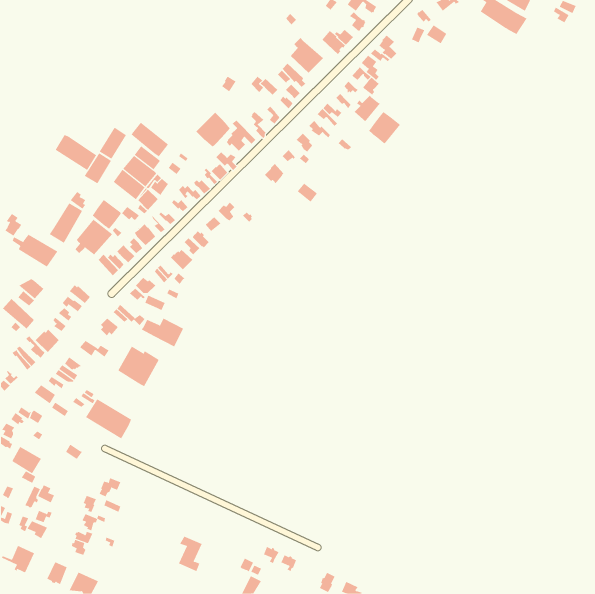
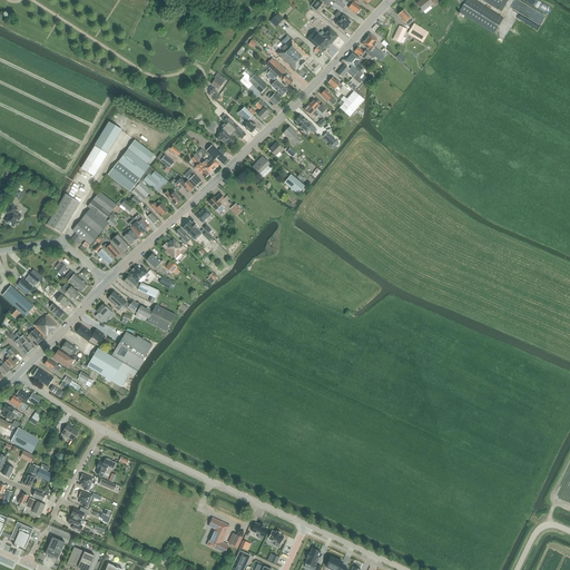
building: [369,111,401,144] -> none
building: [196,112,231,148] -> none
building: [131,122,169,157] -> none
building: [55,134,97,171] -> none
building: [12,234,58,267] -> none
building: [85,398,132,439] -> [87,347,131,386]
building: [178,536,203,572] -> [207,518,230,552]

